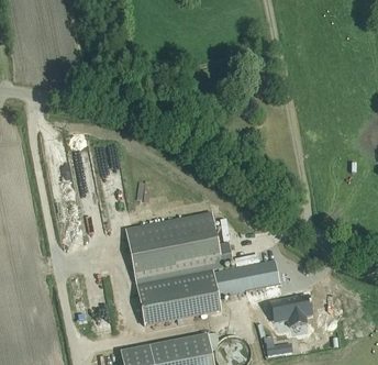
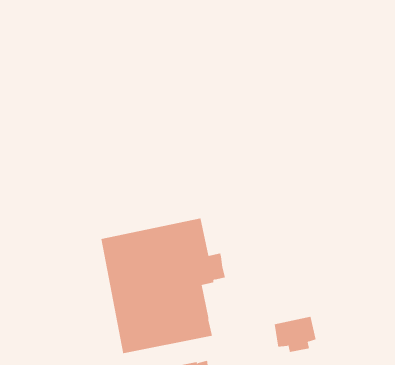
building: [212,258,279,295] -> none

